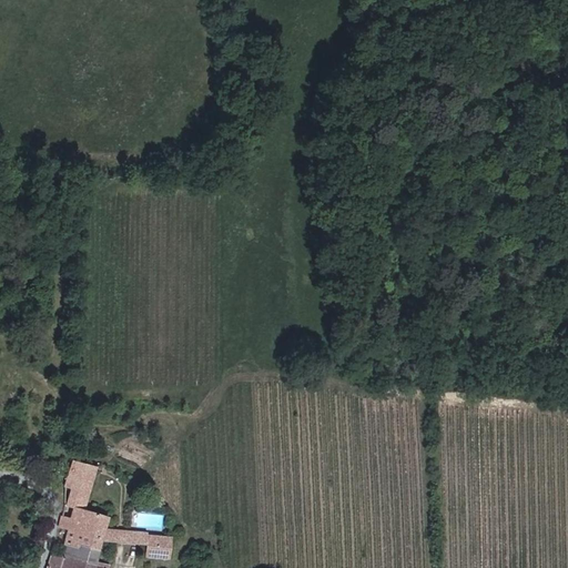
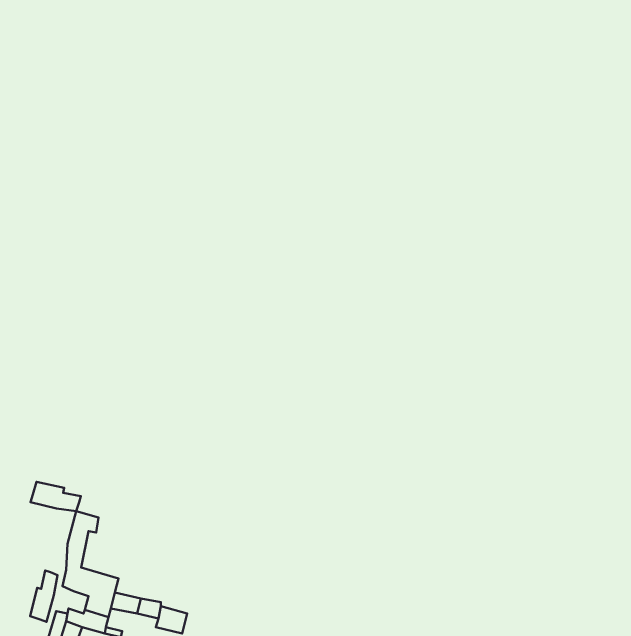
building: none -> [31,482,81,511]
building: none -> [30,571,58,622]

